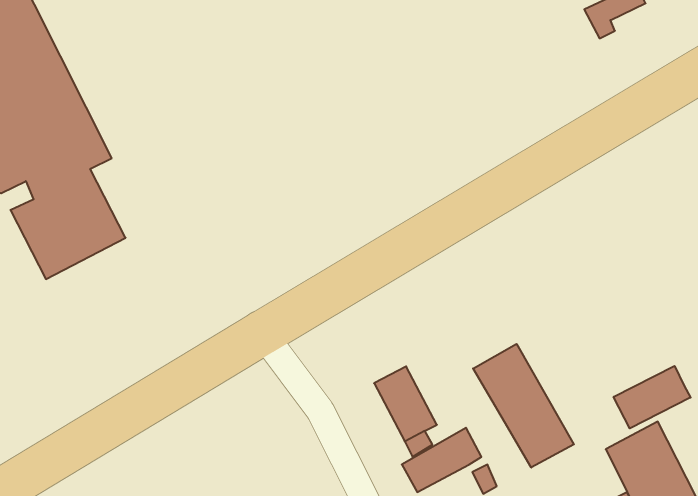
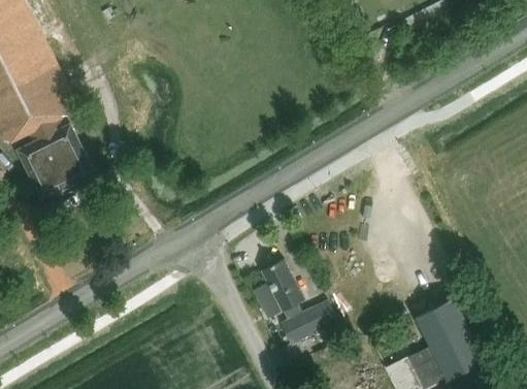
building: [473,344,574,468] -> none
building: [614,366,691,428] -> none

